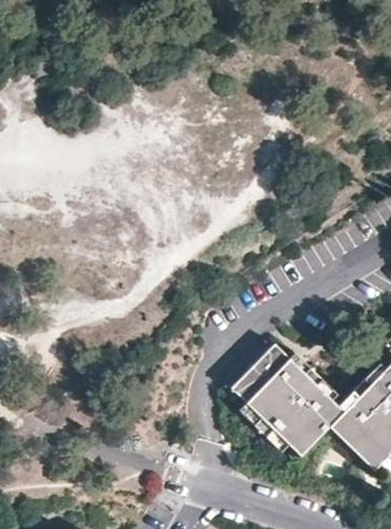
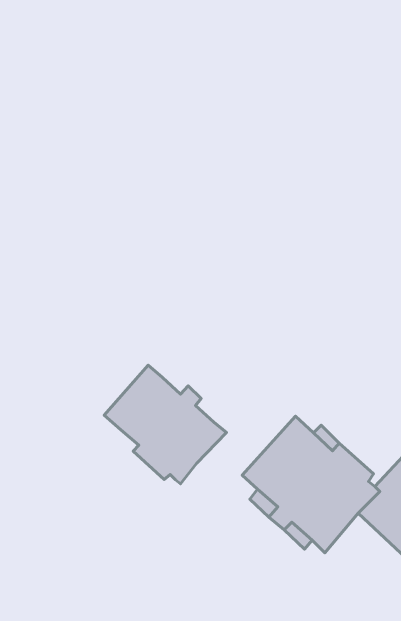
building: none -> [104,365,227,484]

